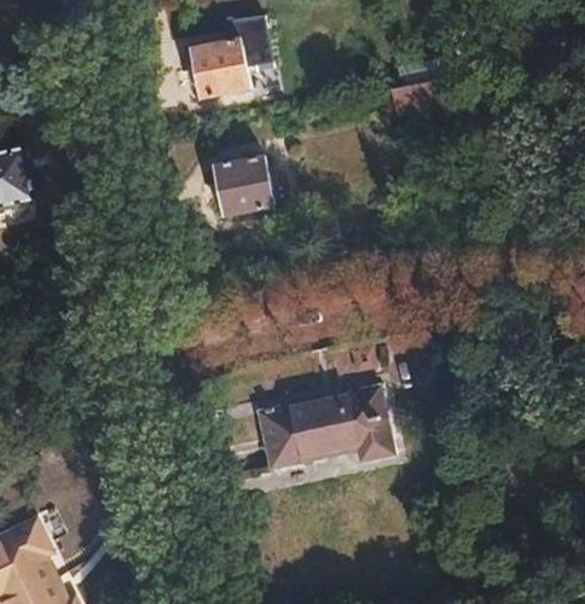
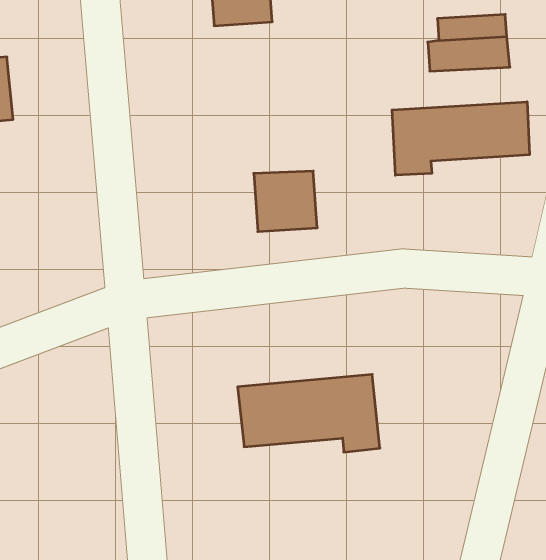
building: none -> [392,102,529,175]
building: [213,157,274,216] -> [254,171,317,232]

